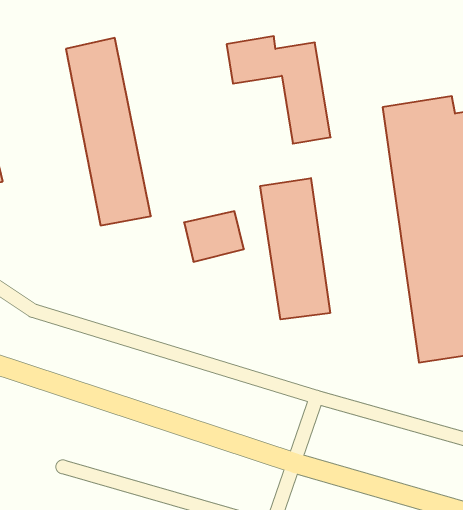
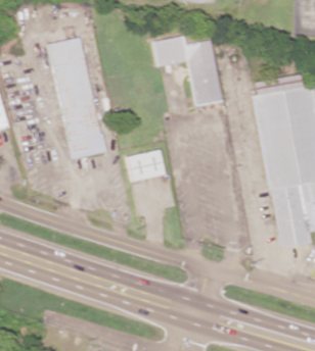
building: [260,178,330,319] -> none

